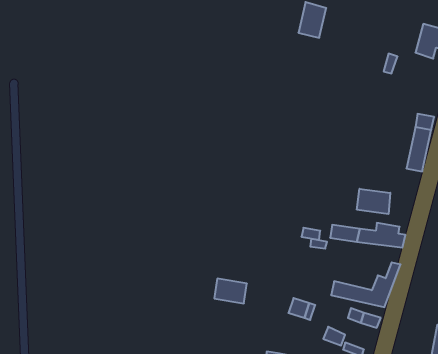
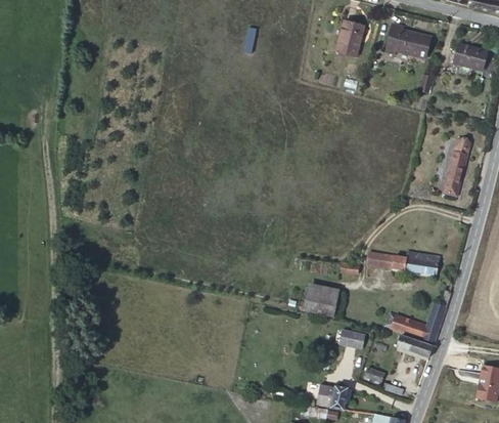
building: none -> [395,26,439,58]
building: [357,189,390,214] -> none
building: [214,279,247,303] -> [303,284,336,309]

